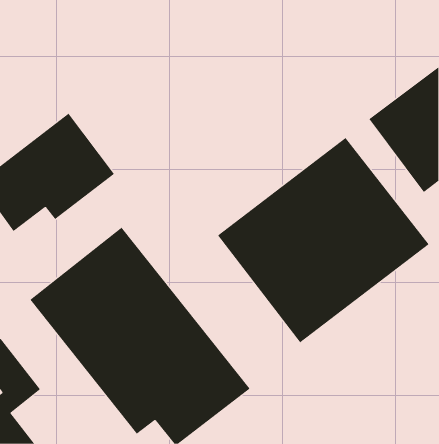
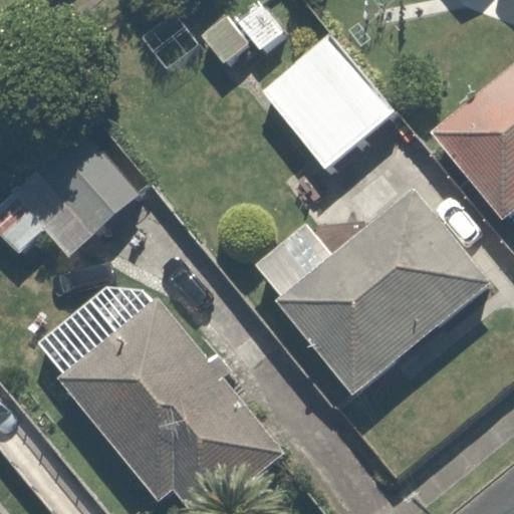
building: none -> [257,36,396,178]

